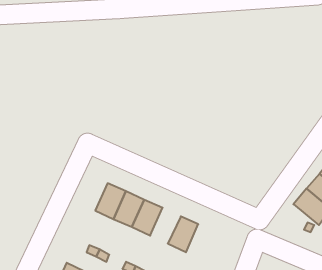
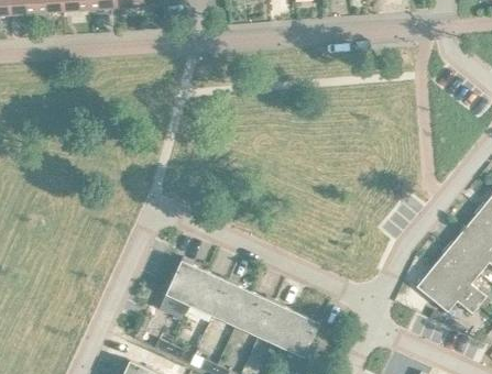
building: none -> [236,292,274,337]
building: none -> [281,312,320,358]

